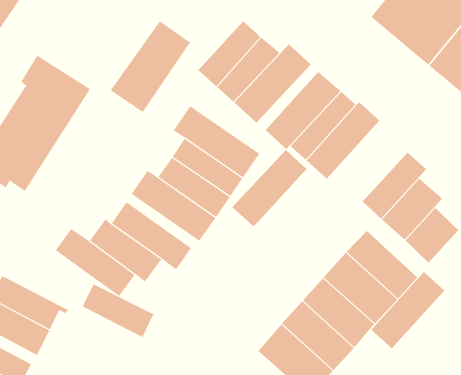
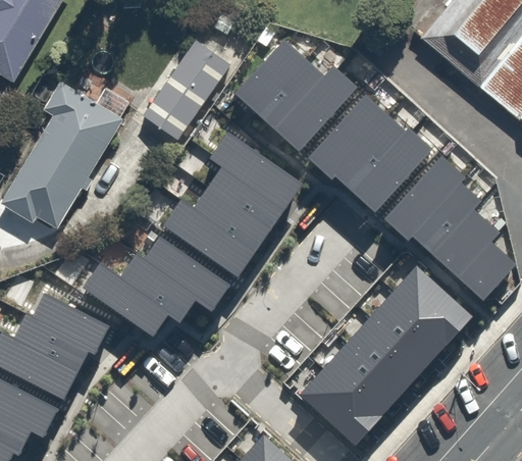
building: [232,149,308,227] -> [383,156,465,240]
building: [371,271,445,349] -> none
building: [82,284,154,338] -> [33,293,110,351]

